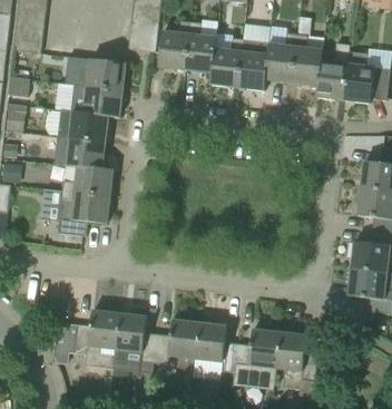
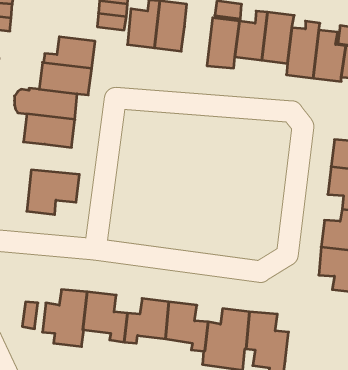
building: [210,38,243,87] -> none
building: [62,165,112,195] -> none

